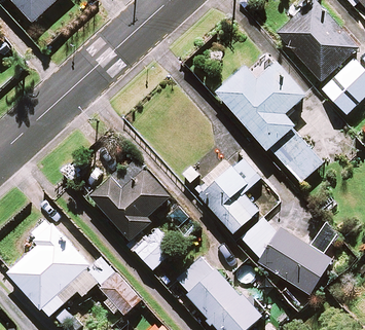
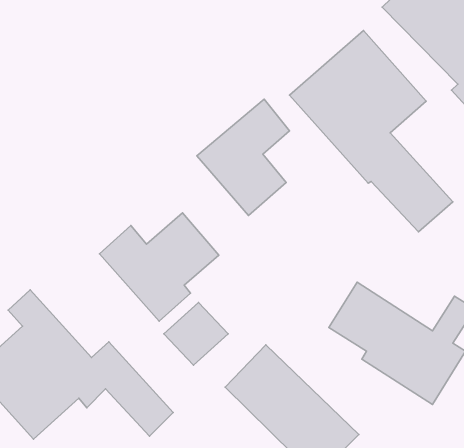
building: [199,156,260,232] -> [197,99,289,216]

